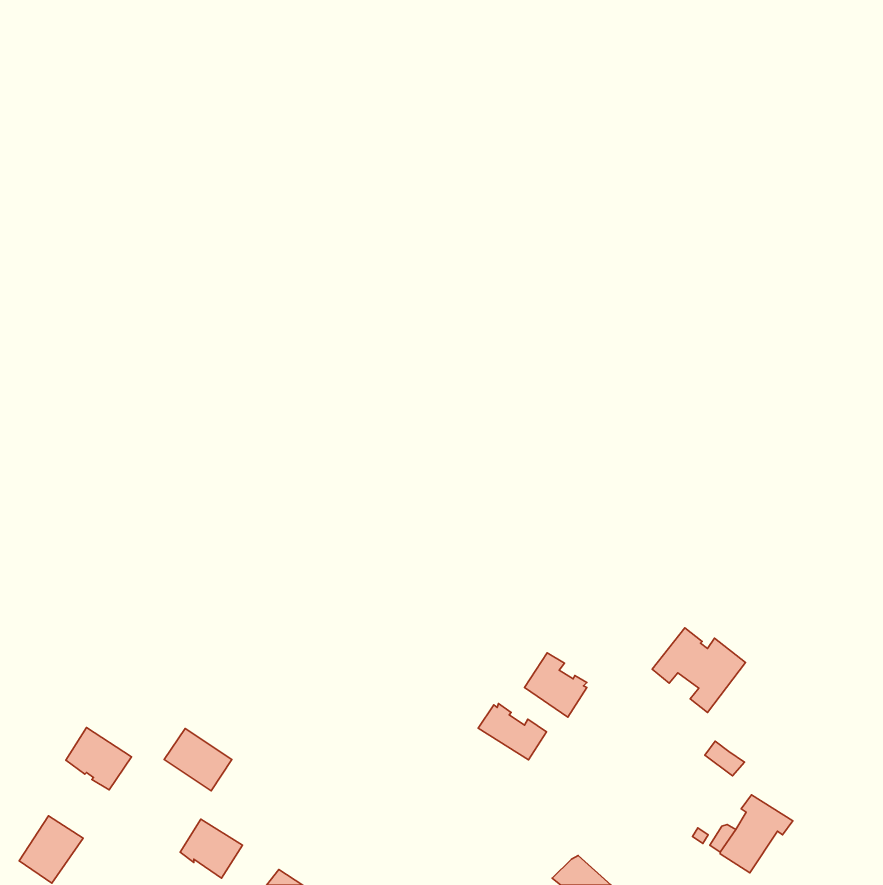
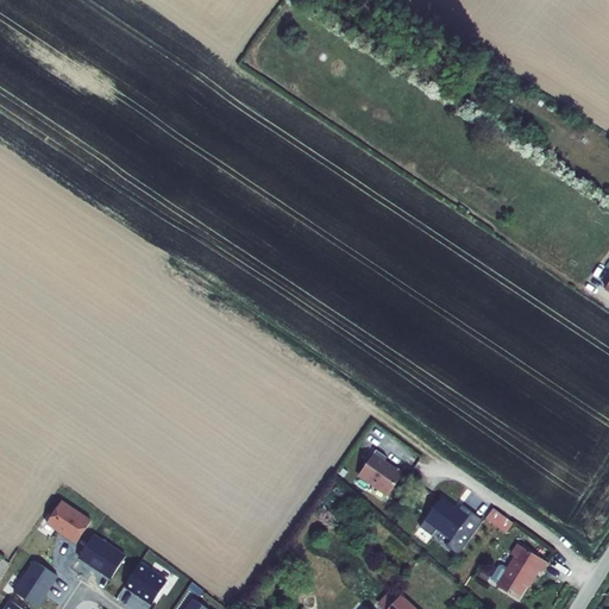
building: [652,628,746,713] -> [417,497,482,555]
building: [478,703,547,760] -> none
building: [164,728,232,791] -> [77,535,124,578]

